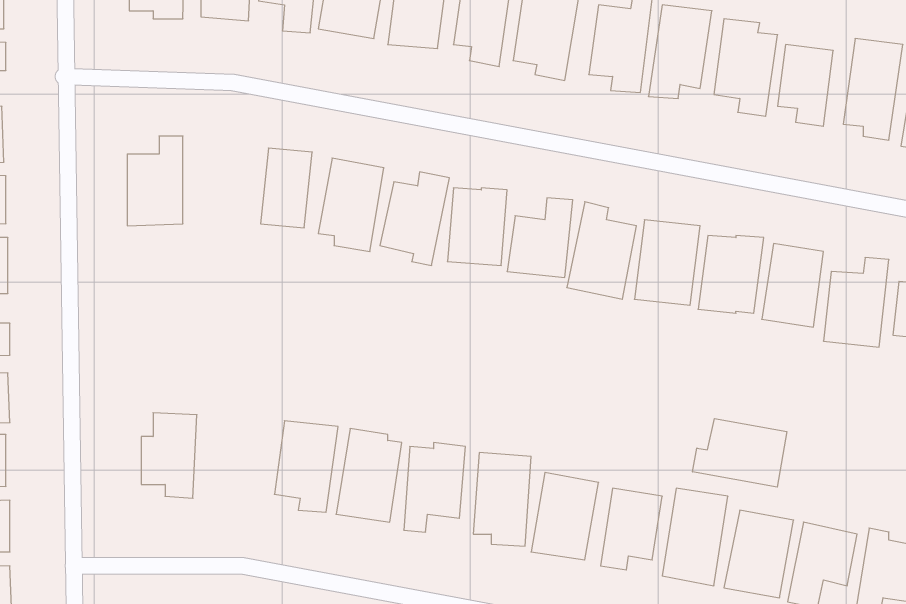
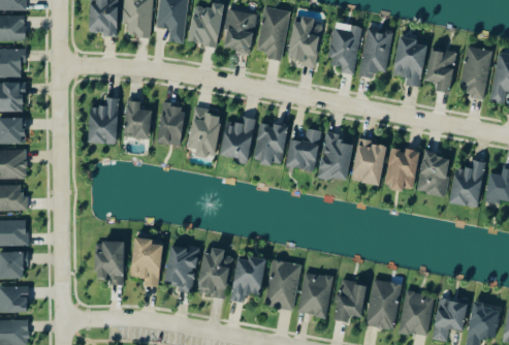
building: none -> [124,100,150,136]
building: none -> [130,238,161,286]
building: [693,419,787,487] -> none

